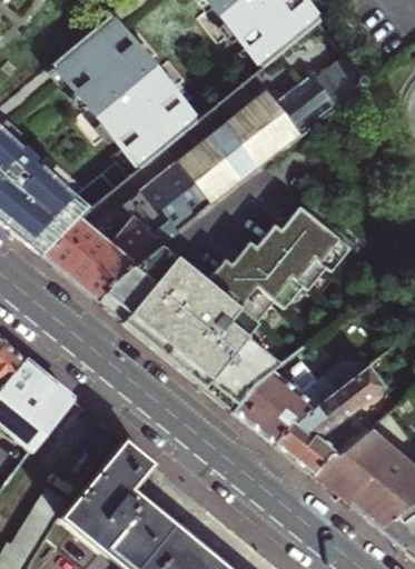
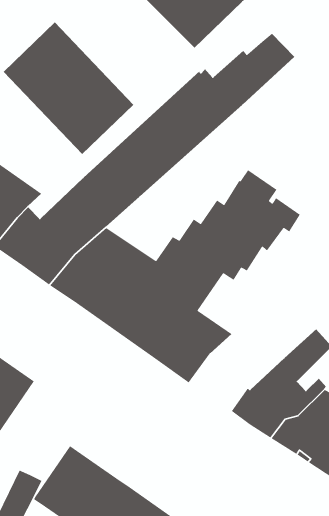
building: [233,343,333,443] -> none
building: [105,440,155,490] -> none

